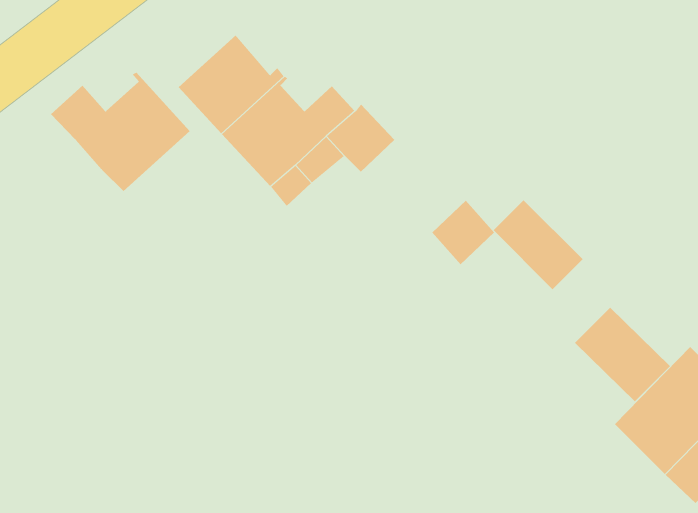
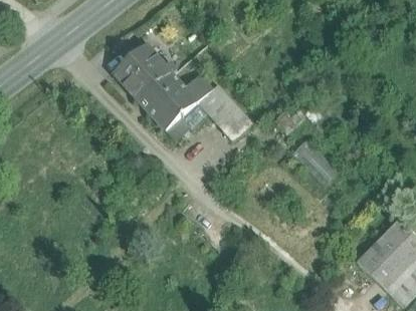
building: [50,72,191,192] -> none
building: [432,200,495,265] -> [216,103,251,139]
building: [574,307,671,402] -> none

